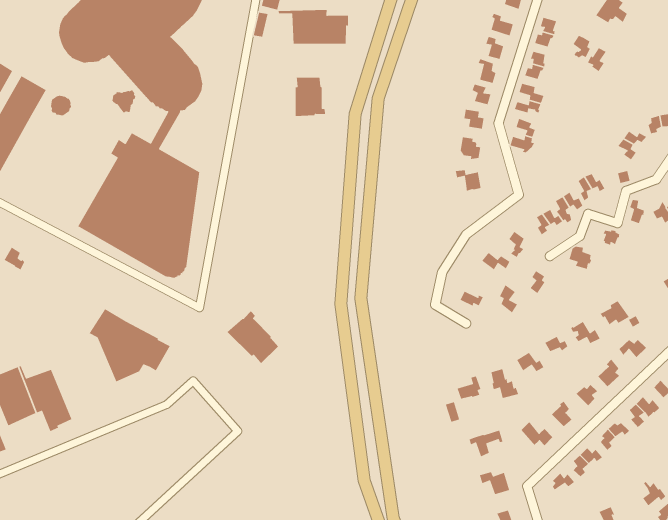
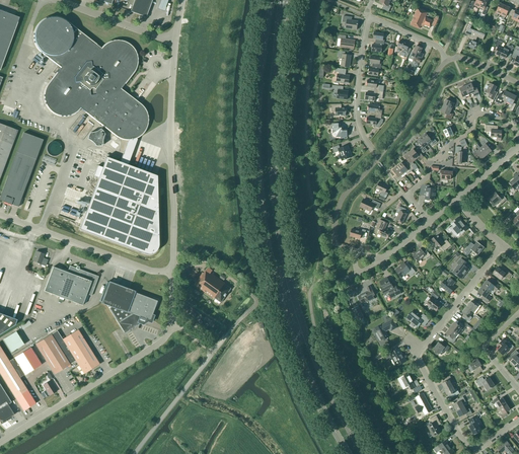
building: [278,9,349,45] -> none
building: [295,77,326,117] -> none
building: none -> [44,264,98,305]

